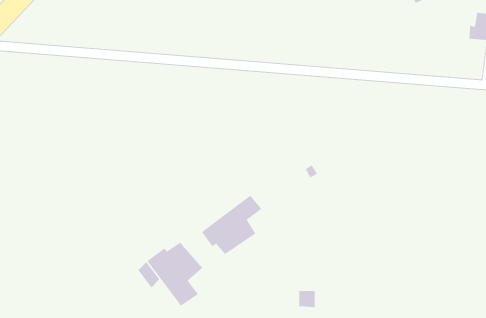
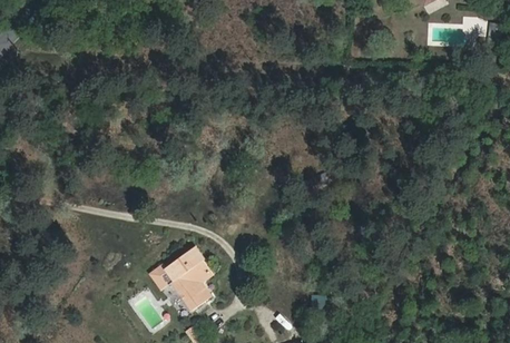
building: [201,195,262,255] -> none

